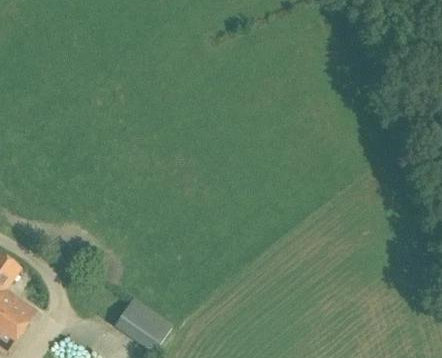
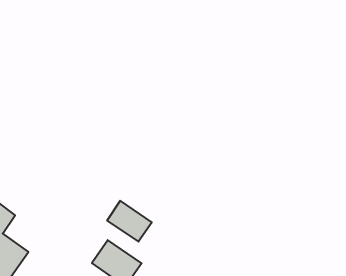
building: none -> [107,201,152,242]

